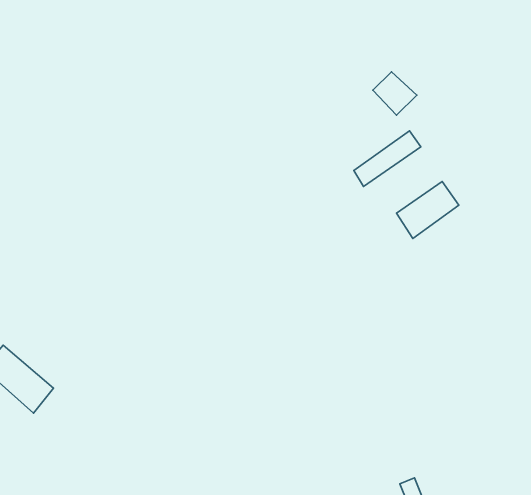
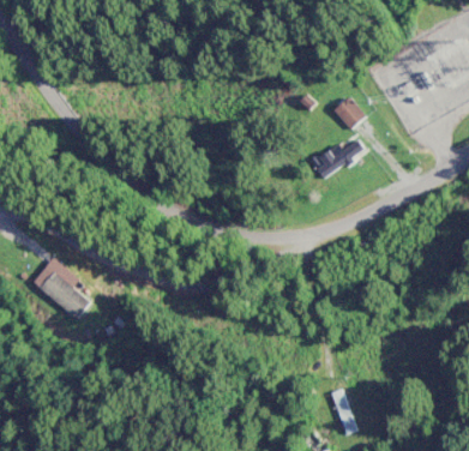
building: [396,181,459,238] -> none

